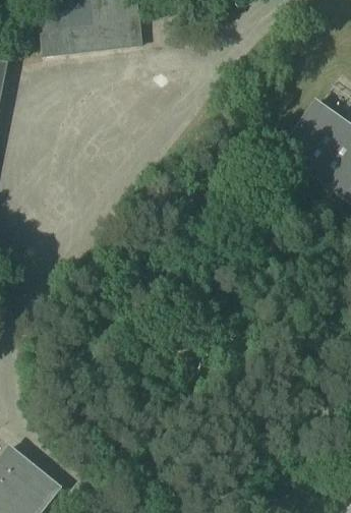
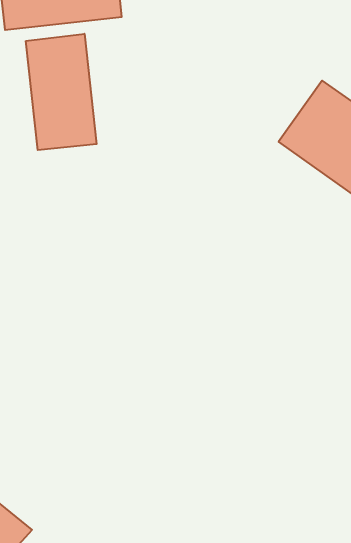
building: none -> [26,34,97,150]

